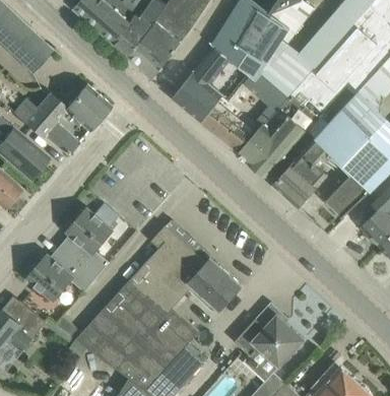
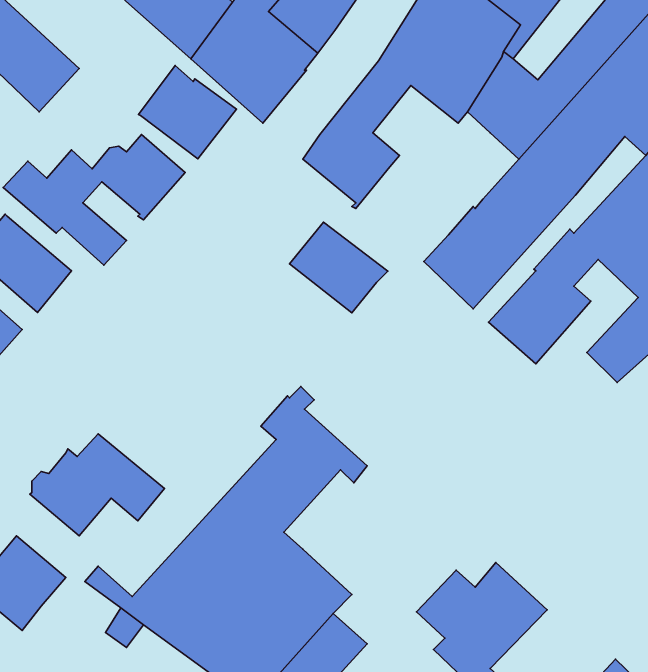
building: none -> [138,65,237,159]
building: [247,84,288,120] -> none
building: [201,103,254,151] -> [289,222,388,313]
building: [63,208,113,275] -> none
building: [162,259,241,310] -> none

